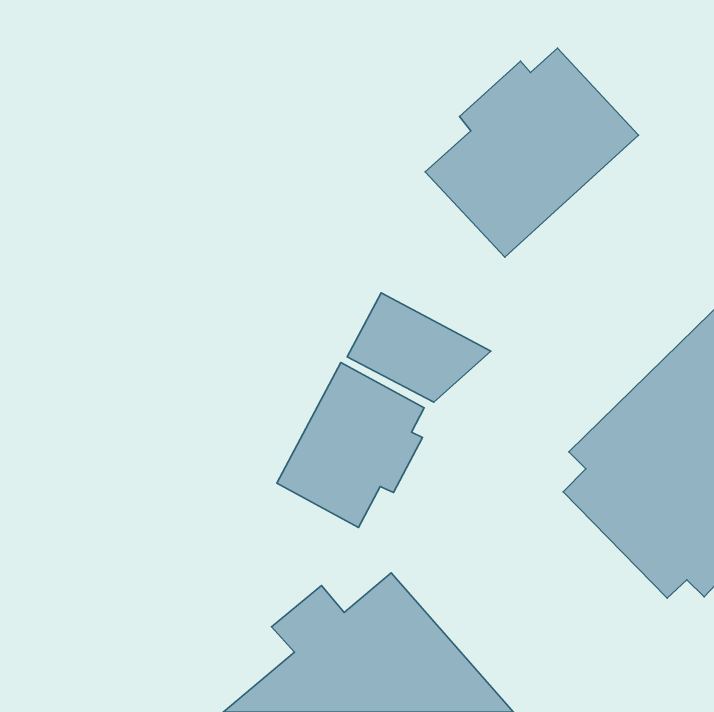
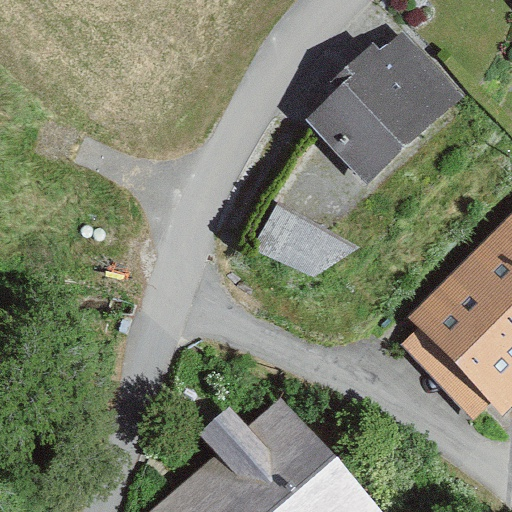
building: [277,363,424,528] -> none

